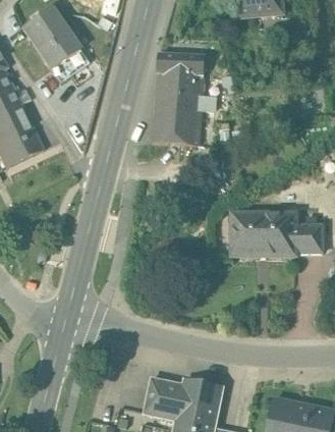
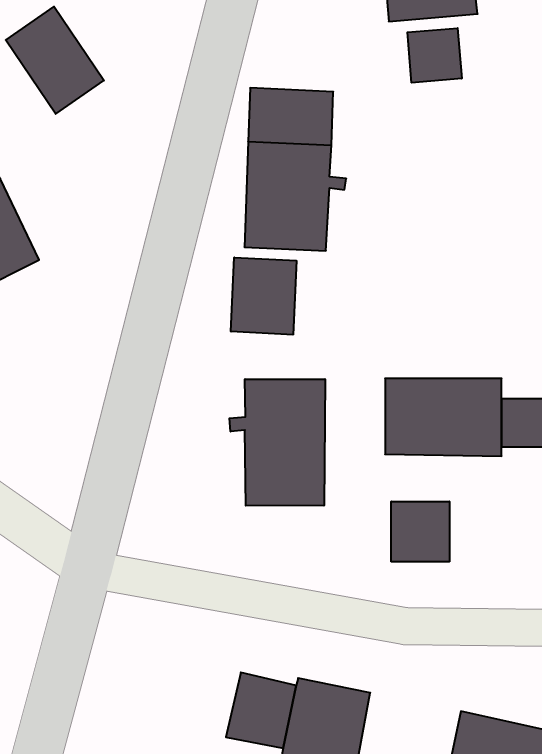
building: none -> [407,28,462,83]
building: none -> [231,257,296,335]
building: none -> [229,379,325,506]
building: none -> [391,501,449,562]

